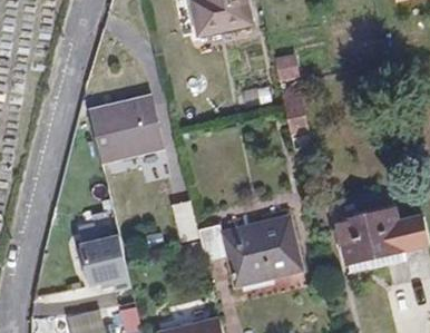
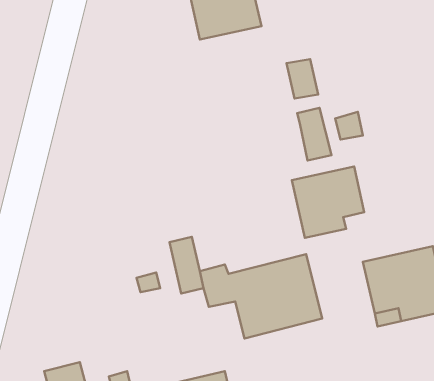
building: [87,95,165,163] -> none
building: none -> [292,166,364,238]
building: [78,231,129,286] -> none

